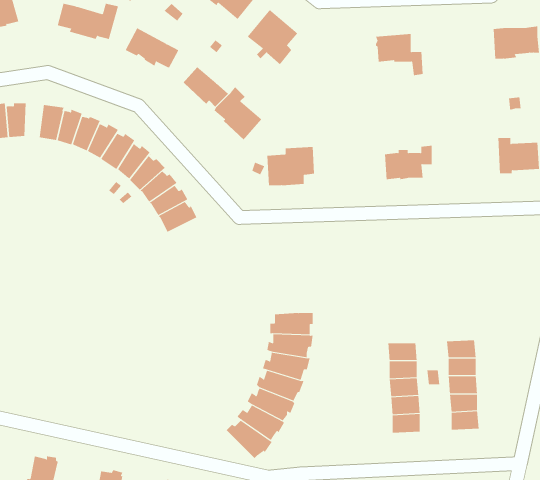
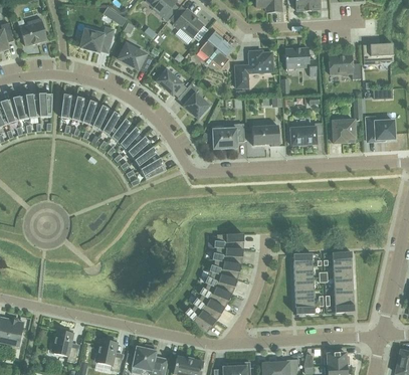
building: none -> [235,50,273,87]
building: none -> [329,54,361,78]
building: none -> [333,120,355,143]
building: none -> [252,125,279,146]

